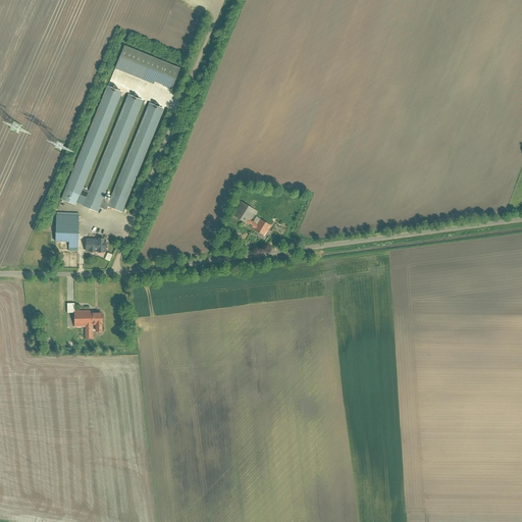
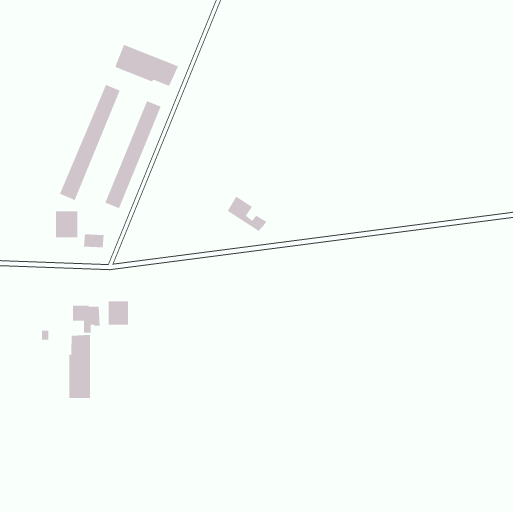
building: [83,93,145,211] -> none
building: none -> [108,301,128,326]
building: none -> [69,334,91,399]

